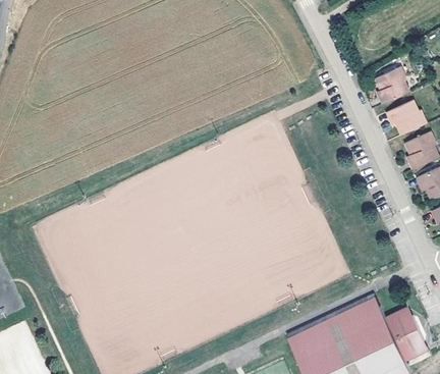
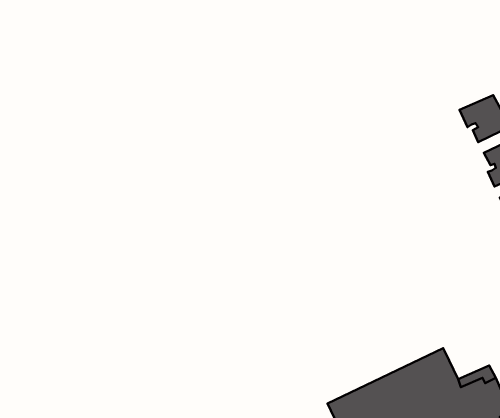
building: [375,65,409,104] -> none

